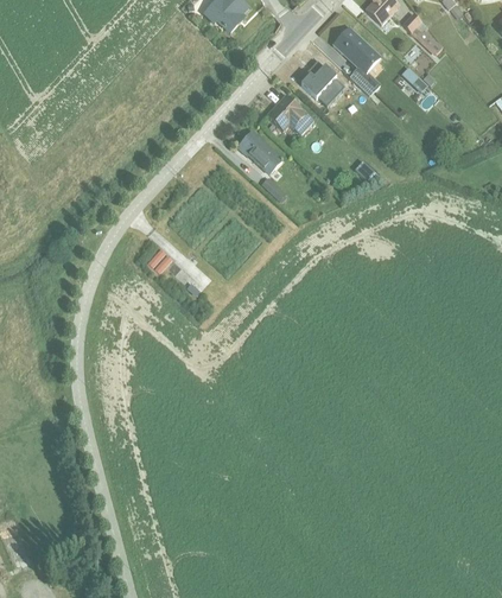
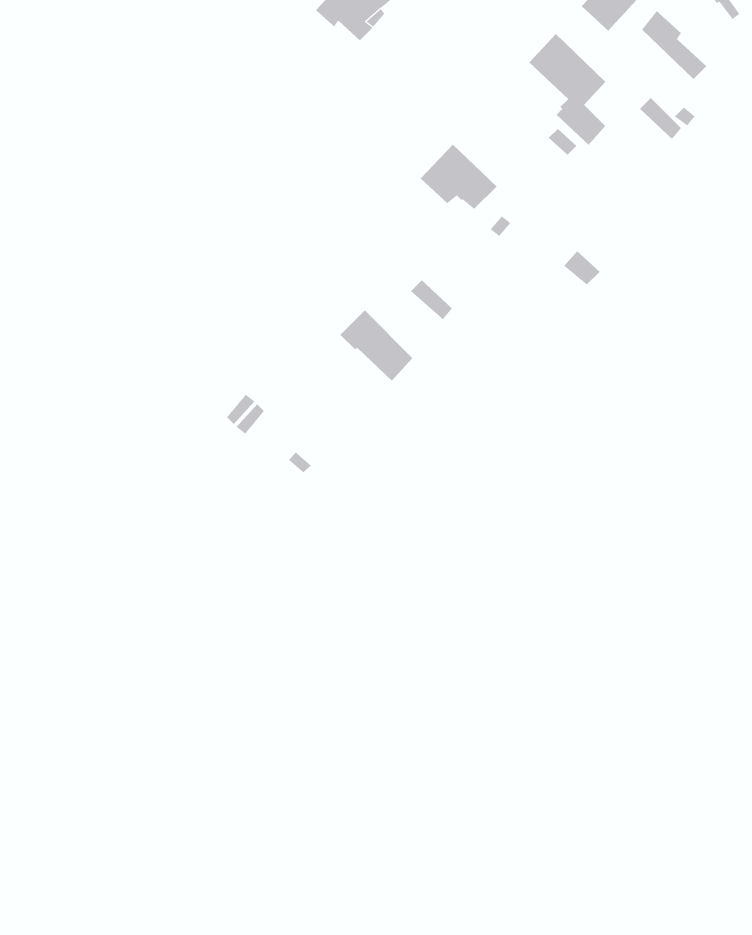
building: [298,61,339,102] -> none
building: [237,131,282,174] -> [340,310,413,381]

